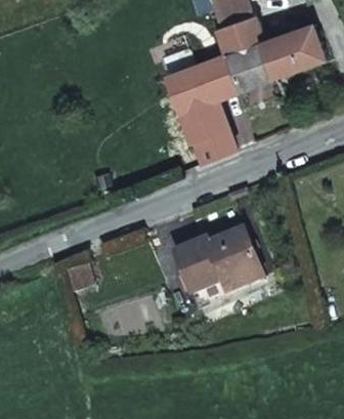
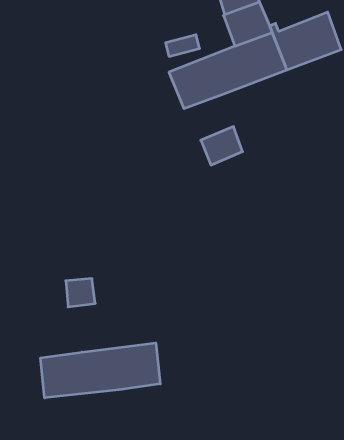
building: [179,97,224,139] -> none
building: [177,232,264,302] -> none
building: none -> [41,343,160,398]

